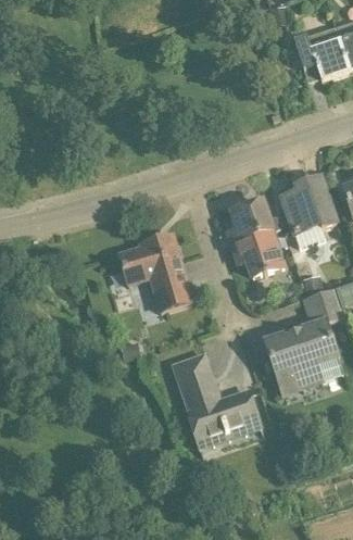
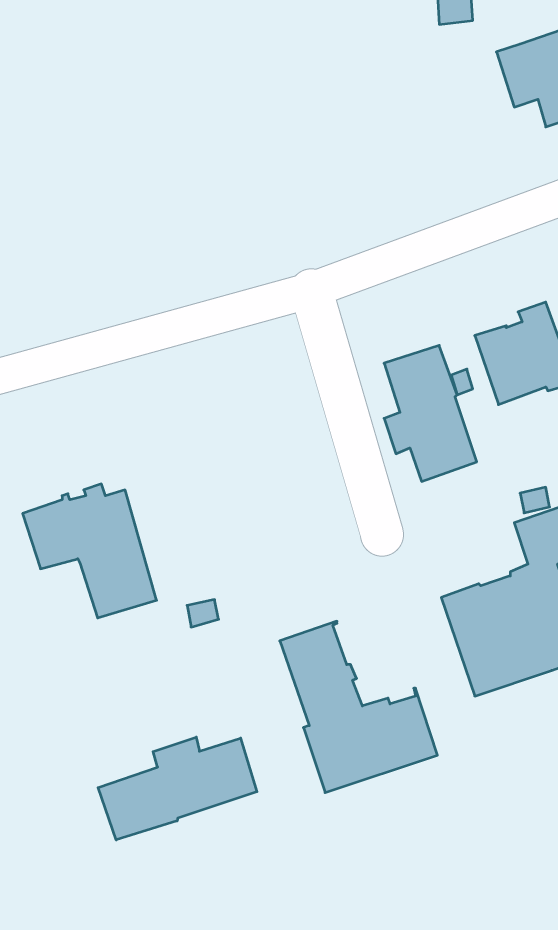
building: [118,237,192,311] -> [23,484,157,618]
building: none -> [98,737,257,840]

